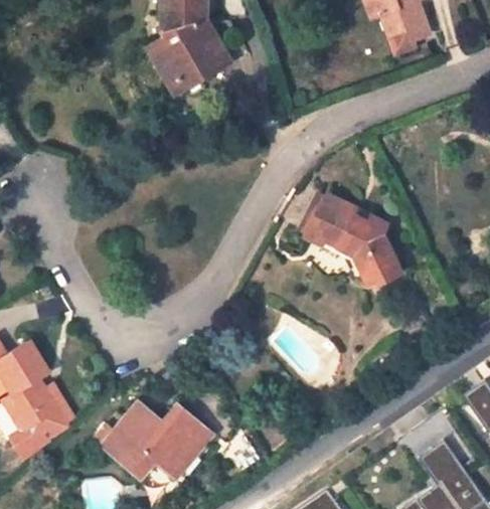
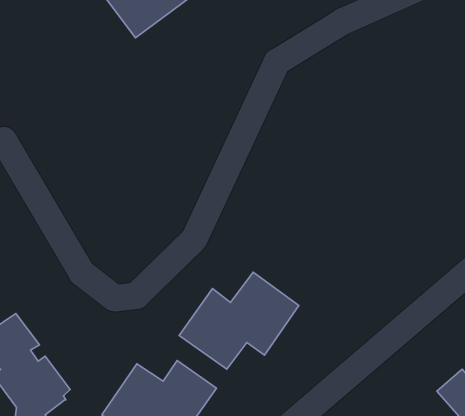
building: [304,196,398,281] -> none
building: none -> [179,272,299,369]

